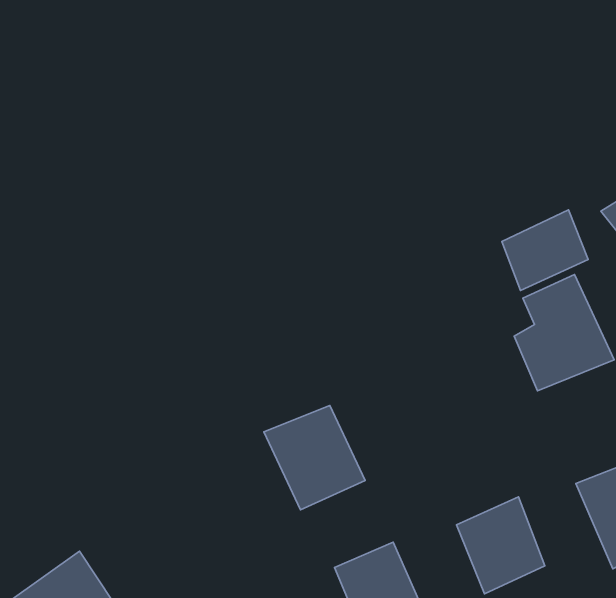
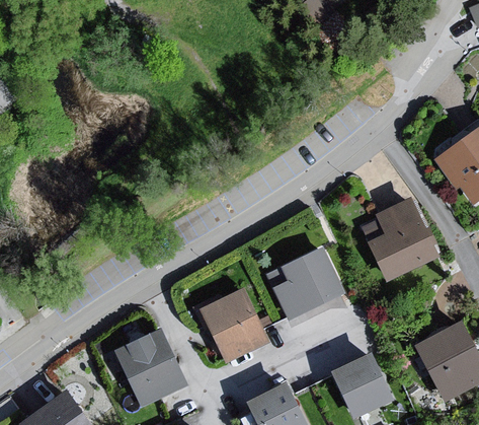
building: [502,210,588,290] -> none
building: none -> [271,246,344,318]
building: none -> [101,329,186,407]

